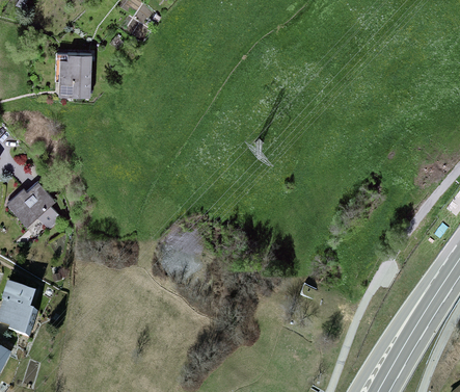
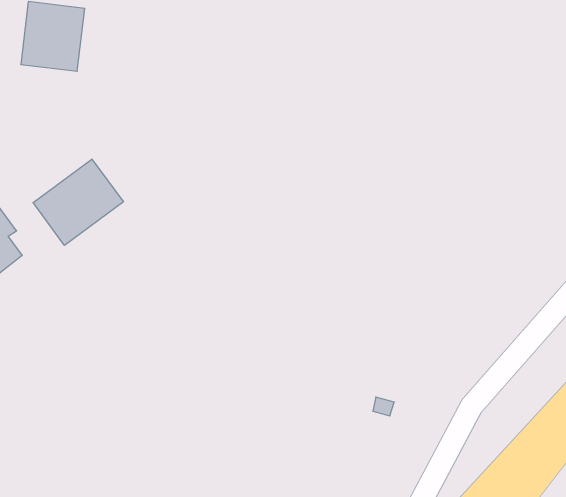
building: none -> [33,159,123,245]

